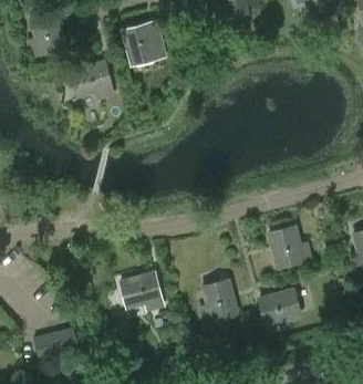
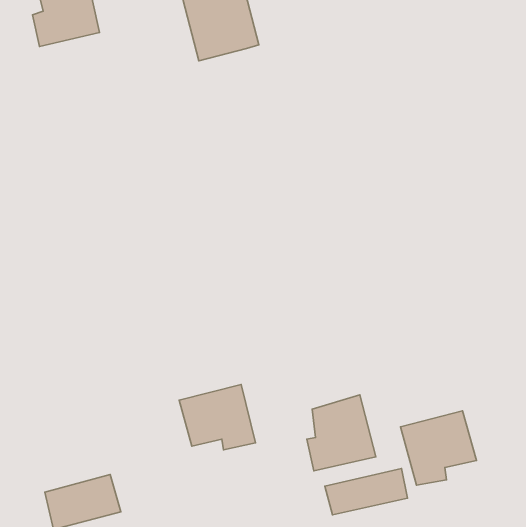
building: [68,59,115,100] -> none
building: [266,224,313,269] -> none
building: none -> [325,469,407,515]

